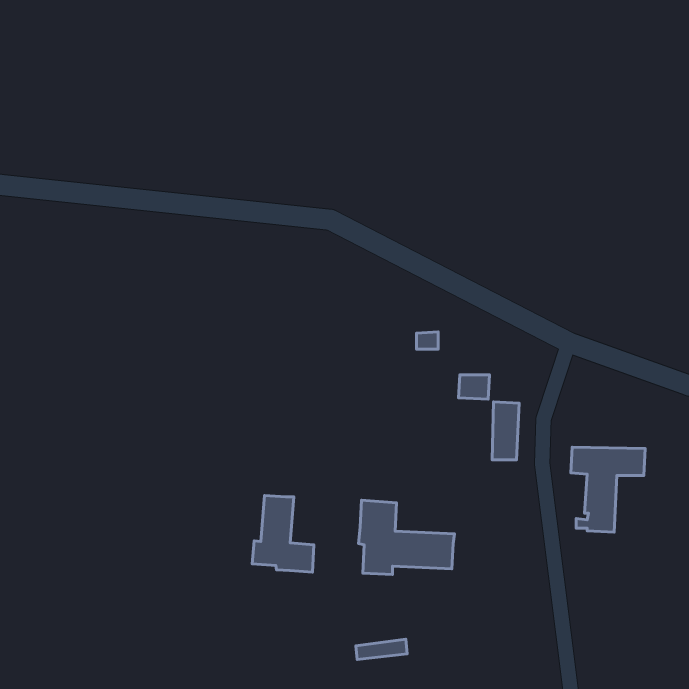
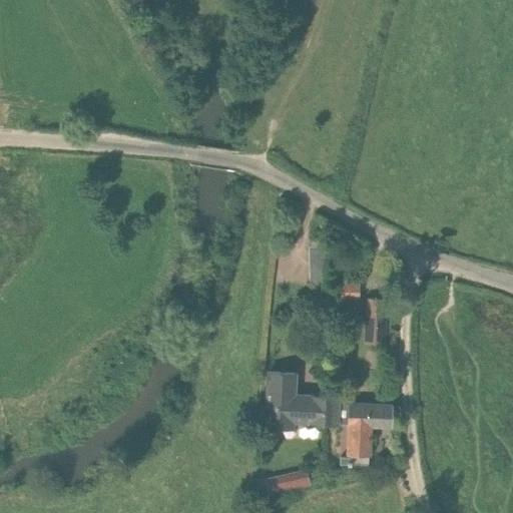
building: [571,447,645,532] -> [336,404,391,467]
building: [252,495,314,572] -> none

